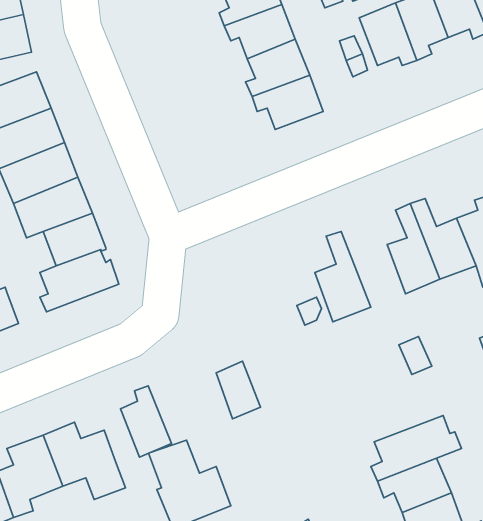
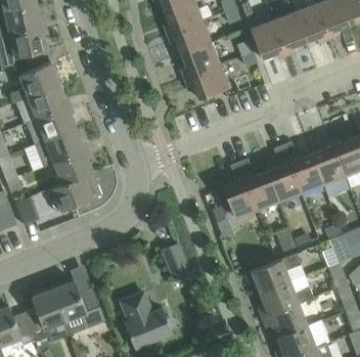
building: none -> [239,159,279,210]
building: none -> [244,255,303,294]
building: [121,386,171,457] -> none

